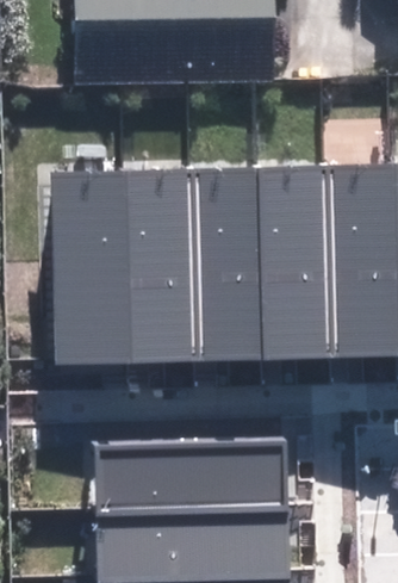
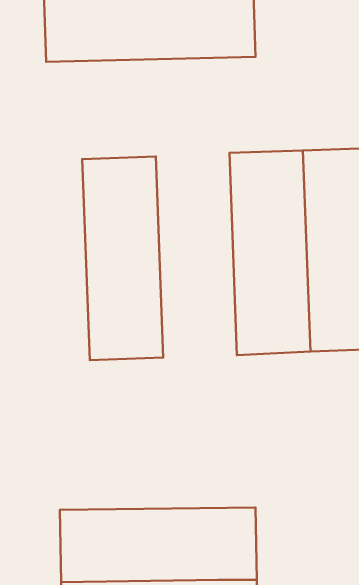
building: [187,166,265,361] -> none
building: [46,172,124,366] -> none
building: [94,435,282,507] -> none

